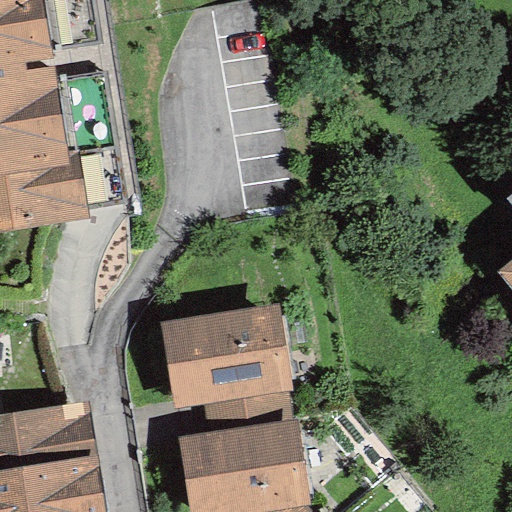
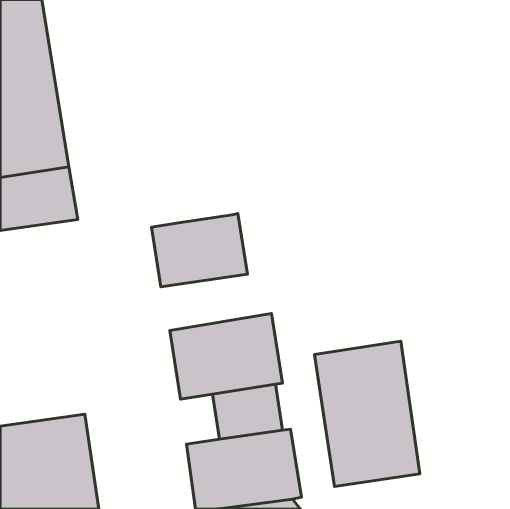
building: none -> [152,214,247,287]
building: none -> [314,341,420,486]

